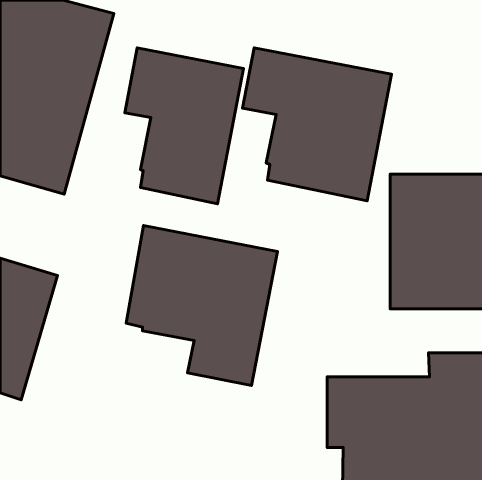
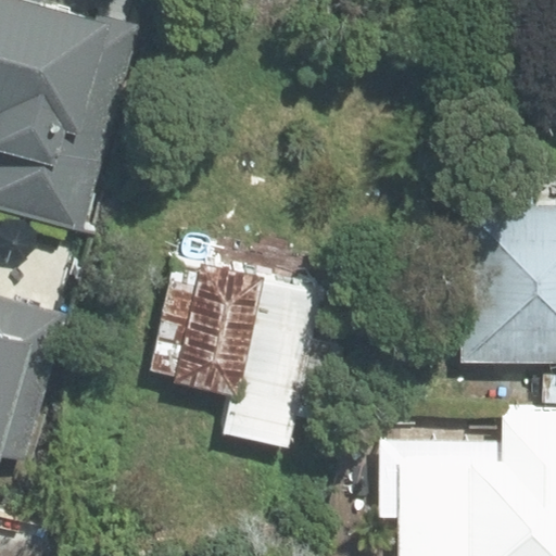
building: [242,48,391,201] -> none
building: [125,48,243,204] -> none

